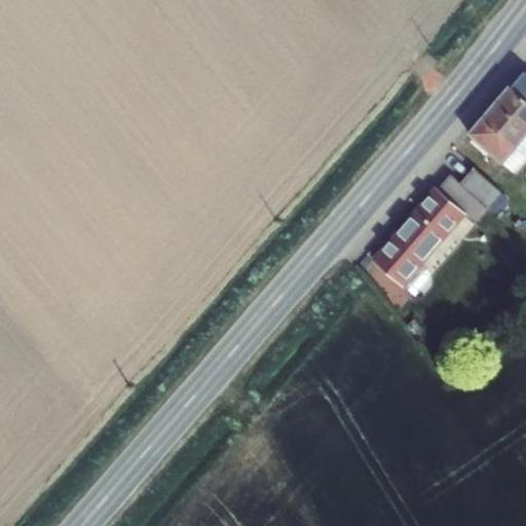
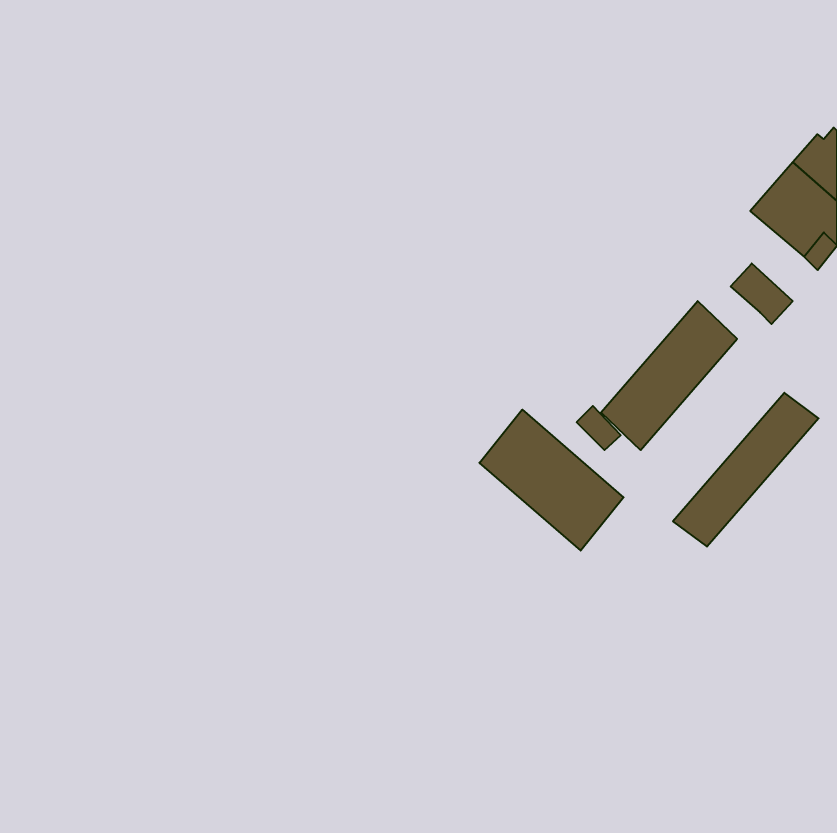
building: none -> [673,393,819,547]
building: none -> [479,410,624,551]

